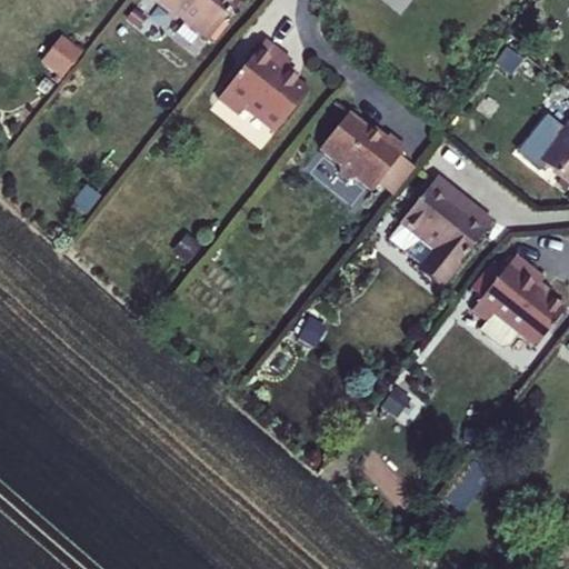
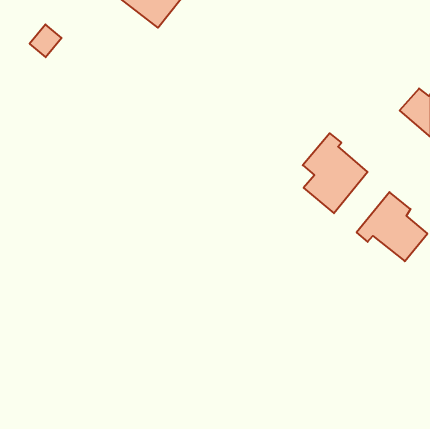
building: [219,41,308,130] -> none
building: [320,111,405,189] -> none

